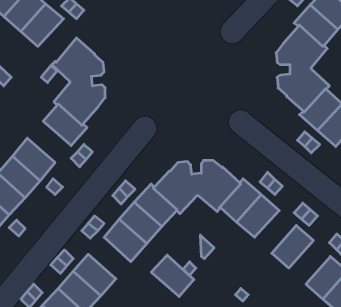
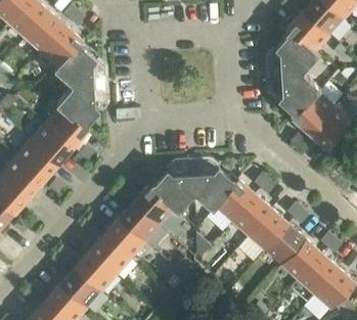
building: none -> [41,26,83,67]
building: none -> [31,124,73,164]
building: none -> [249,210,288,250]
building: none -> [281,238,321,280]
building: [151,255,194,297] -> [89,235,130,275]

